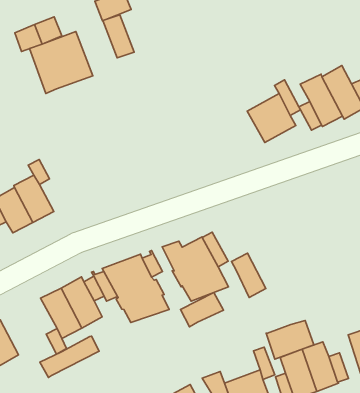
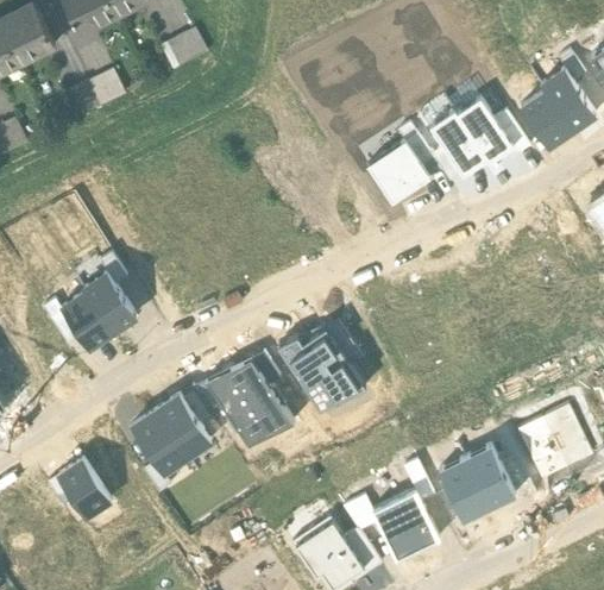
building: [103,15,134,58] -> none
building: [30,32,93,94] -> none
building: [231,253,266,298] -> none
building: [181,292,224,327] -> none
building: [266,320,314,359] -> none
building: [40,336,99,377] -> none

